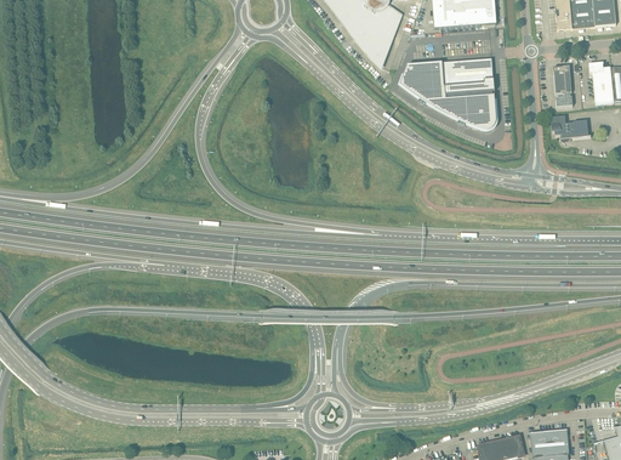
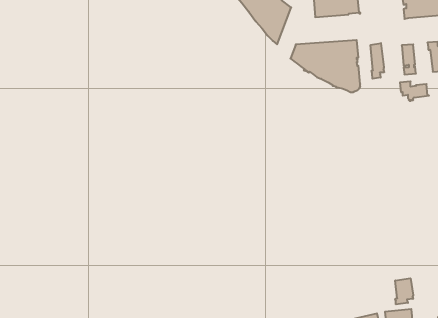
building: none -> [371,43,384,79]
building: none -> [395,278,413,304]

